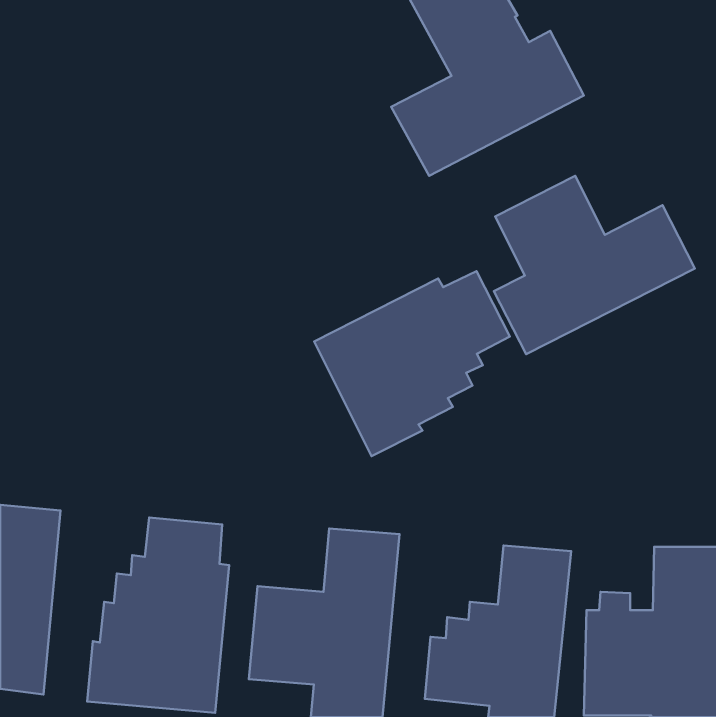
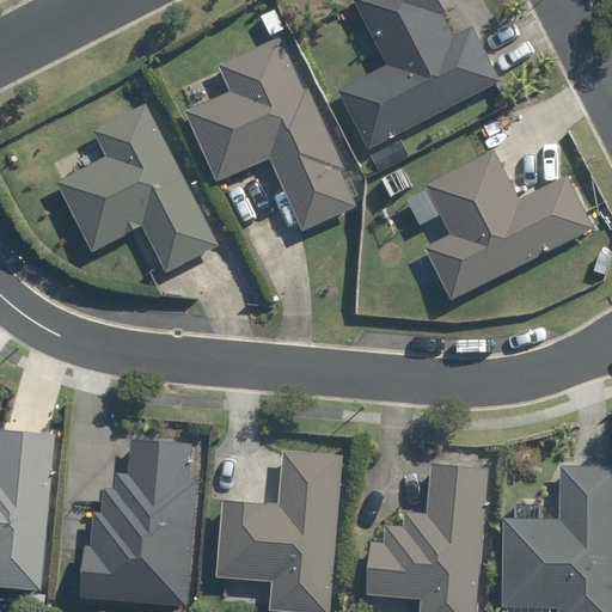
building: none -> [182,37,355,231]
building: none -> [54,104,218,273]
building: [314,271,510,456] -> none

